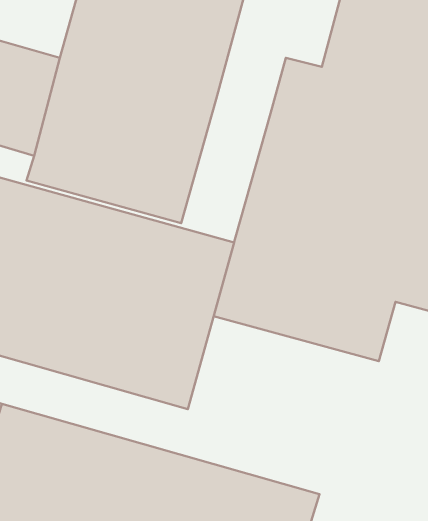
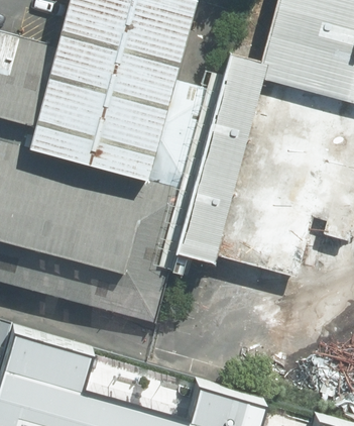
building: none -> [147,83,217,191]

